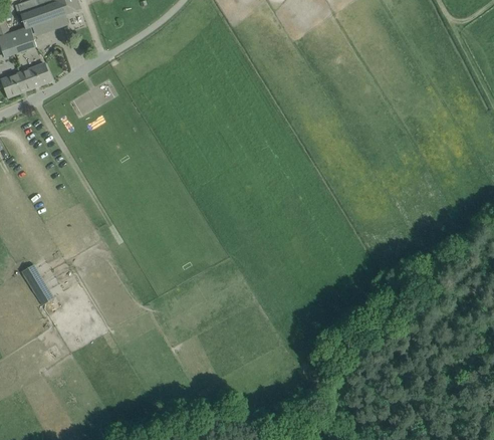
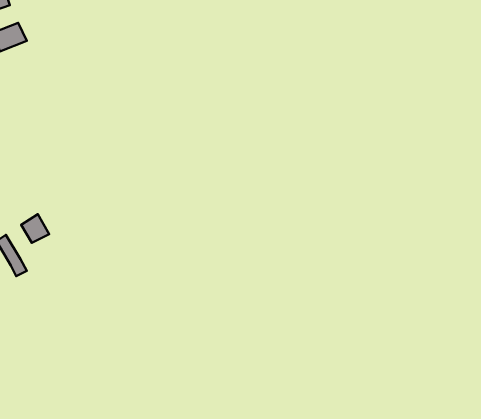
building: none -> [21,214,49,243]

